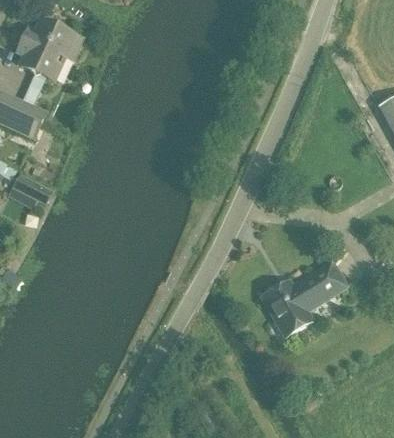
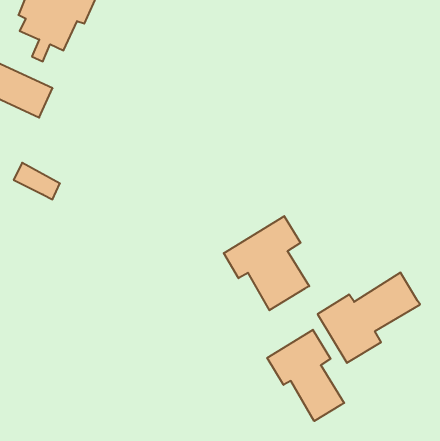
building: none -> [224,216,309,310]
building: none -> [267,330,344,421]

